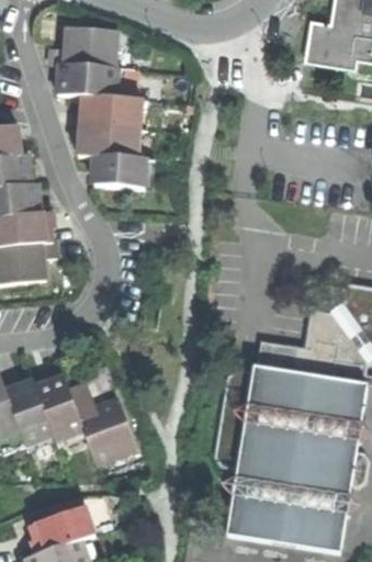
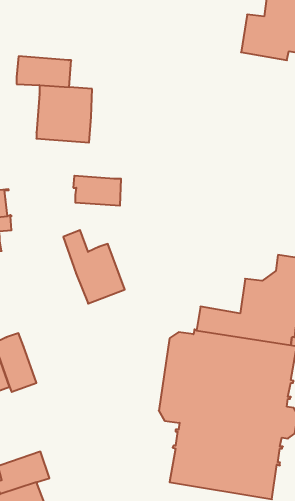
building: [50,27,117,68] -> none
building: [93,156,146,189] -> [73,176,121,206]
building: [66,376,134,458] -> [63,230,125,304]

